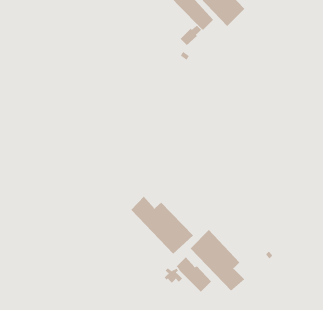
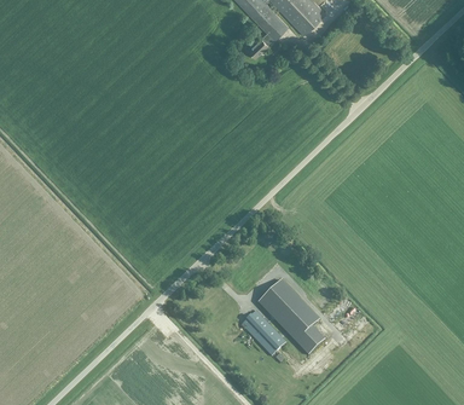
building: [131,196,194,254] -> none

